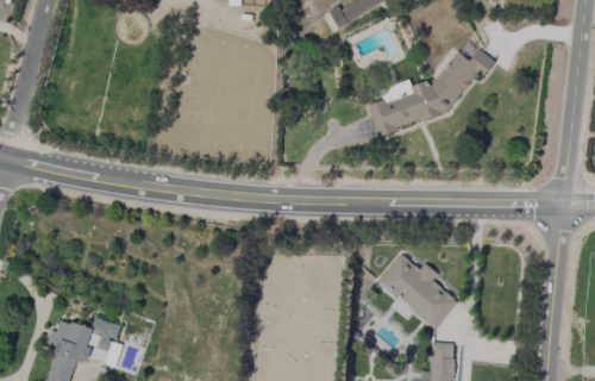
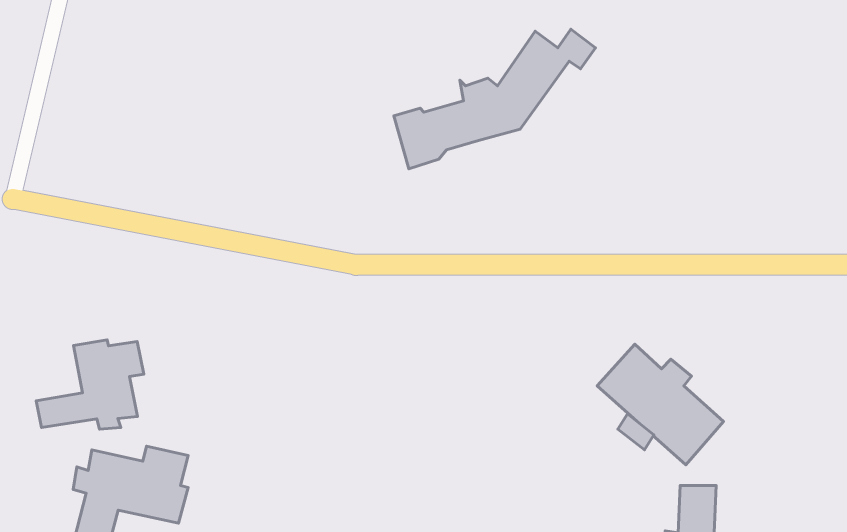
building: [368,49,495,137] -> [394,29,595,169]
building: none -> [36,340,144,429]

